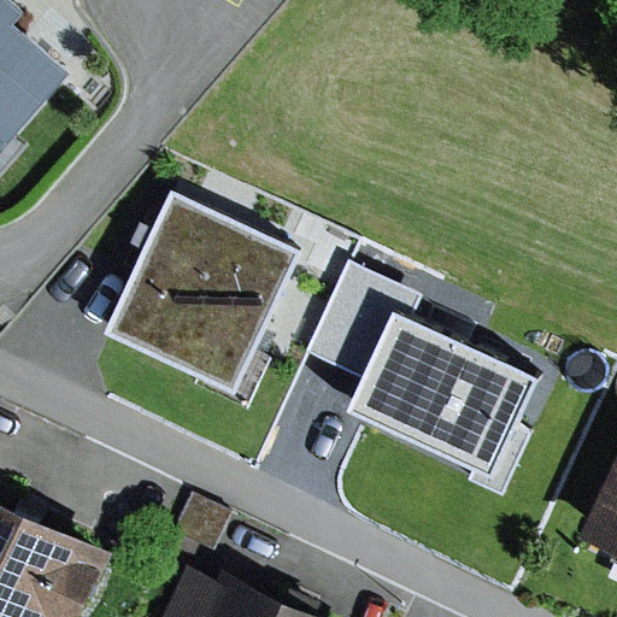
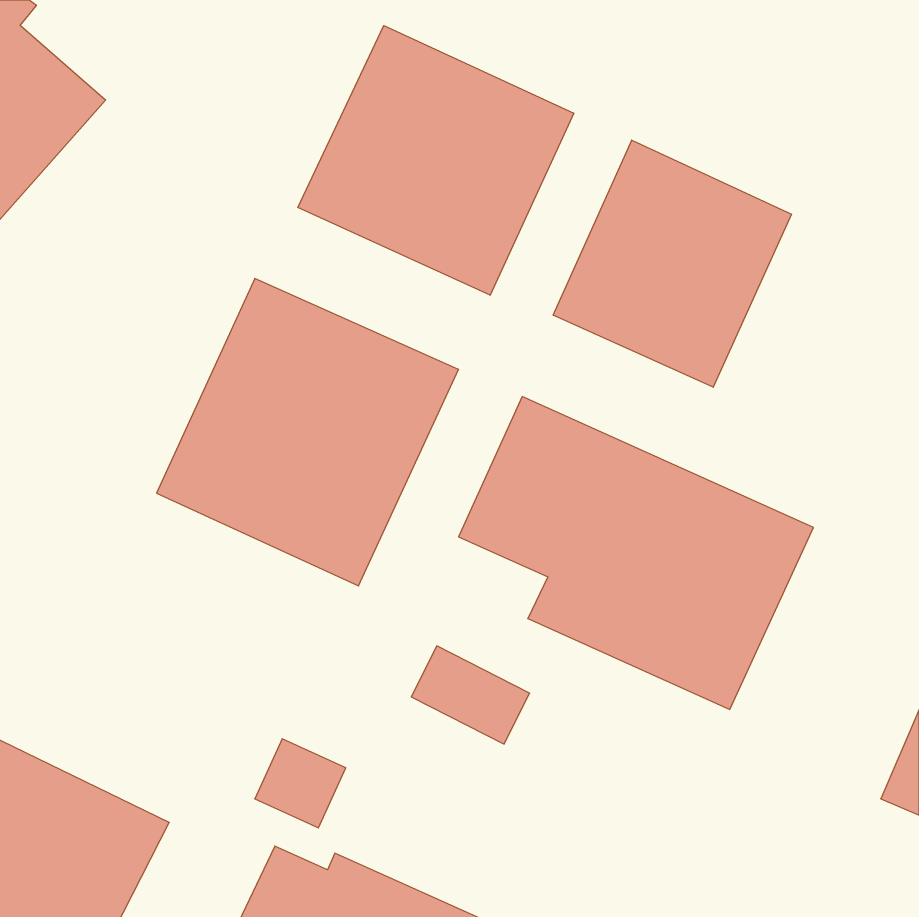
building: none -> [298,26,574,295]
building: none -> [553,140,791,387]

